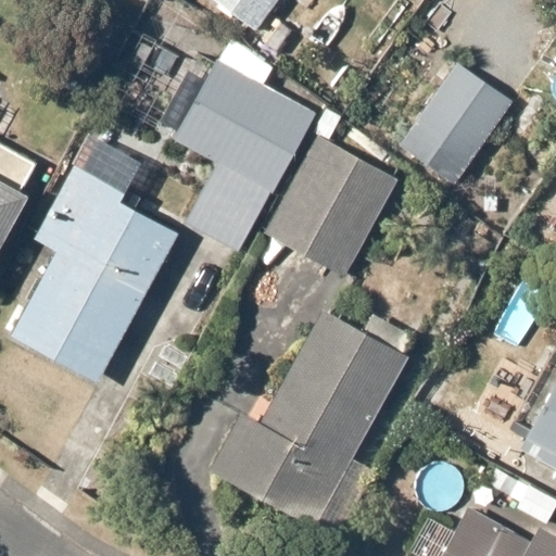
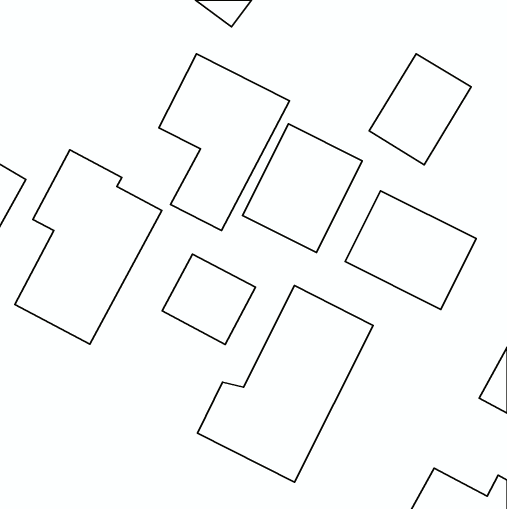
building: none -> [345,191,476,309]
building: none -> [162,254,255,345]

